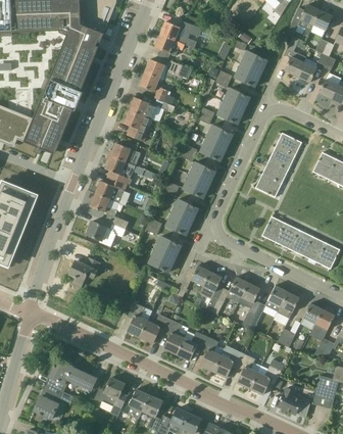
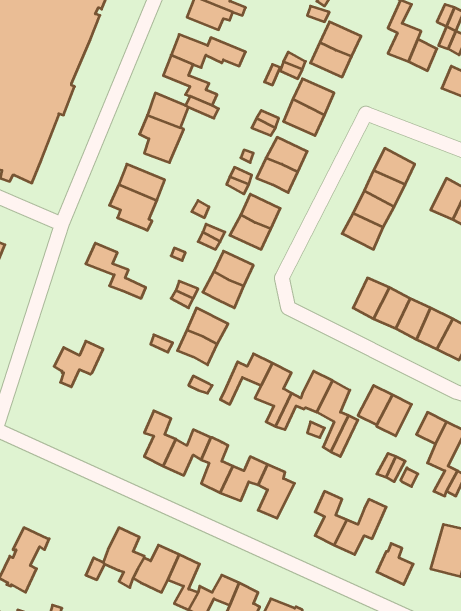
building: [95,177,127,203] -> none
building: [85,221,125,244] -> none
building: [212,348,243,377] -> none
building: [48,358,96,389] -> none

